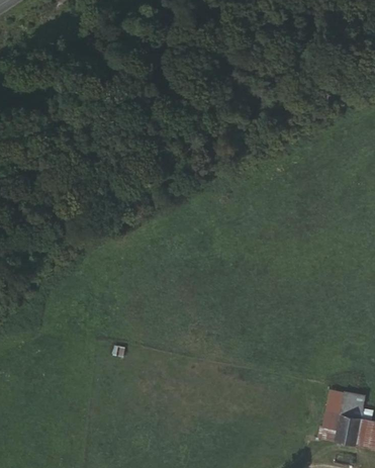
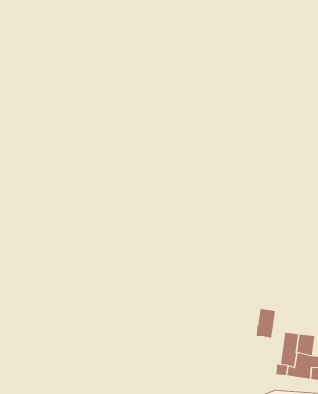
building: none -> [256,308,275,338]

